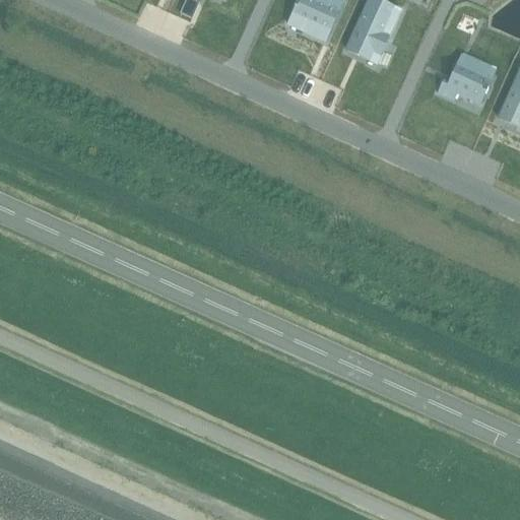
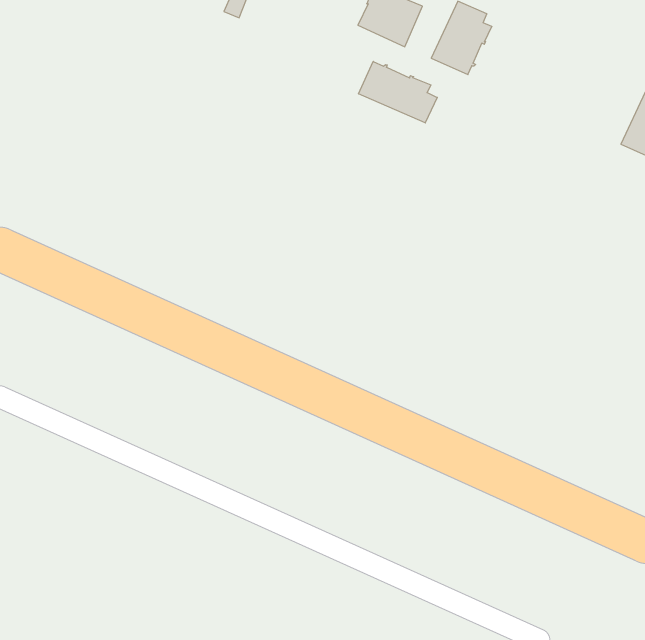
building: none -> [359,61,437,123]
building: [439,59,493,100] -> none

